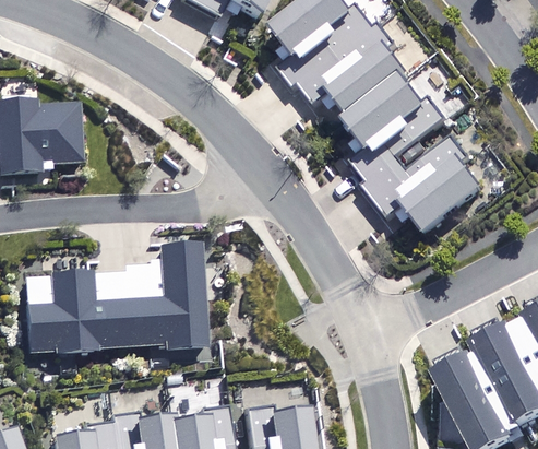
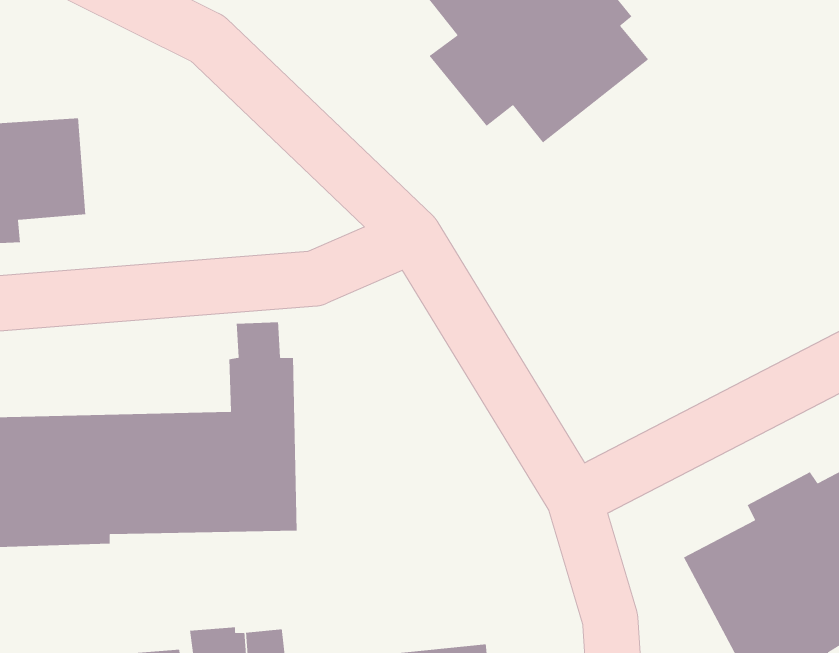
building: [346,70,480,234] -> none

